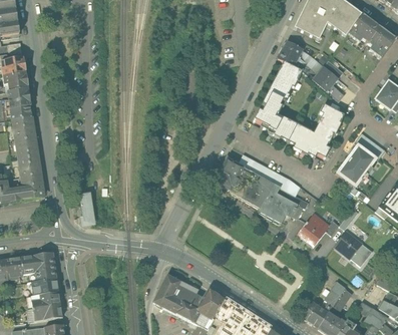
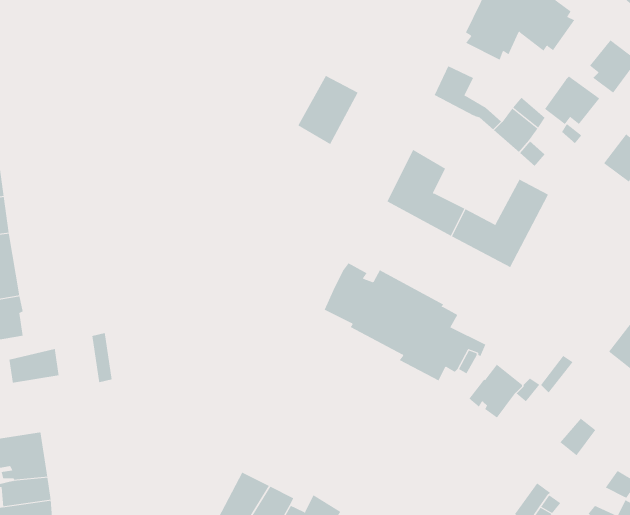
building: [348,13,380,41] -> [544,76,600,125]
building: [267,60,302,100] -> [298,75,359,145]
building: [337,143,377,187] -> none
building: none -> [9,348,59,383]
building: [334,231,363,259] -> none

